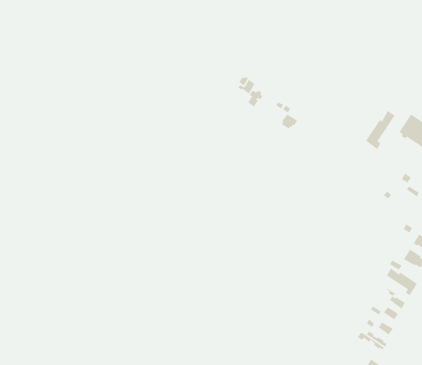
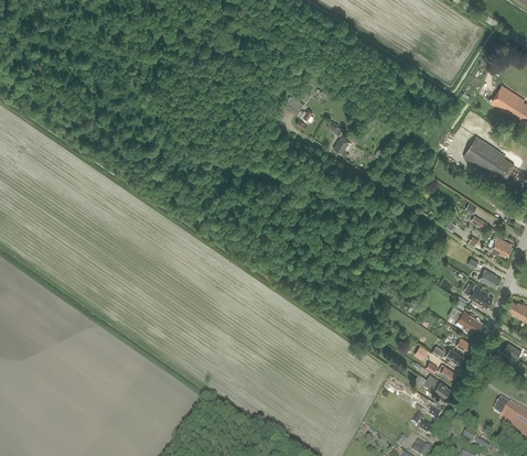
building: [365,110,395,150] -> none

